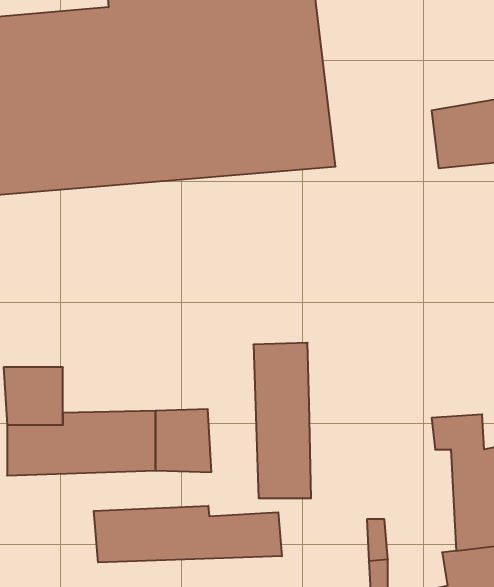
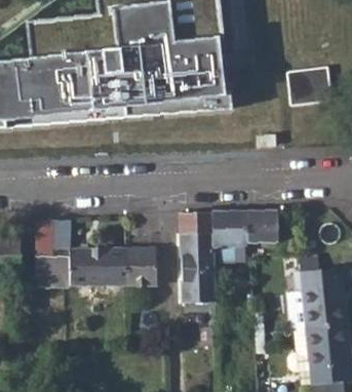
building: none -> [214,207,272,246]
building: [94,506,282,562] -> none

